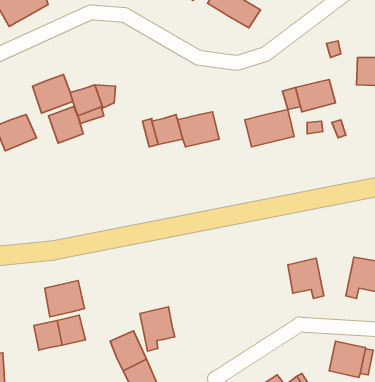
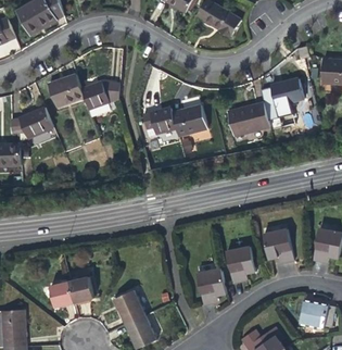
building: [49,107,83,143] -> none
building: none -> [225,247,254,284]
building: [45,281,84,317] -> none
building: [140,307,175,351] -> [197,268,226,305]

